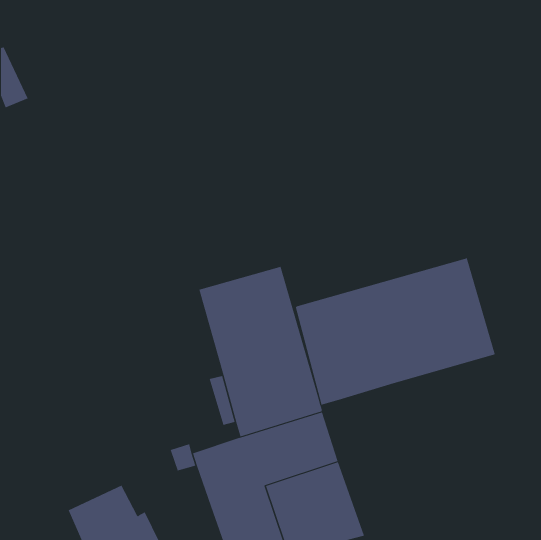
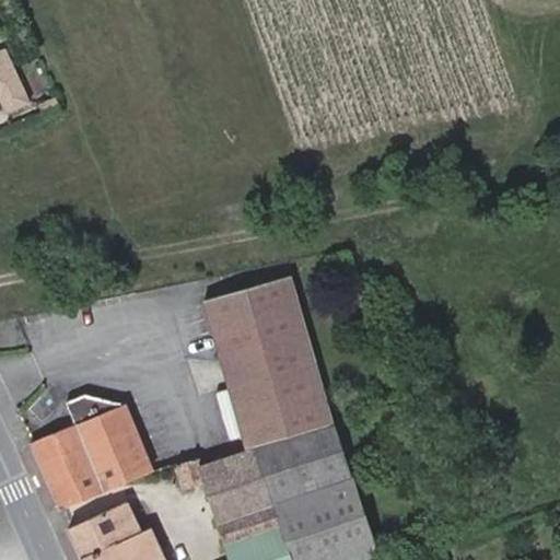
building: [295,257,495,405] -> none
building: none -> [32,396,152,510]

